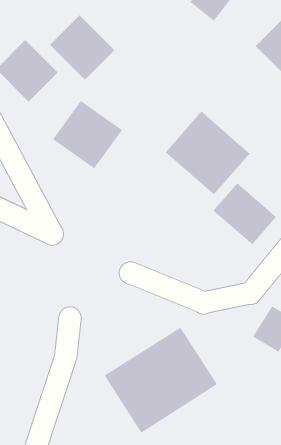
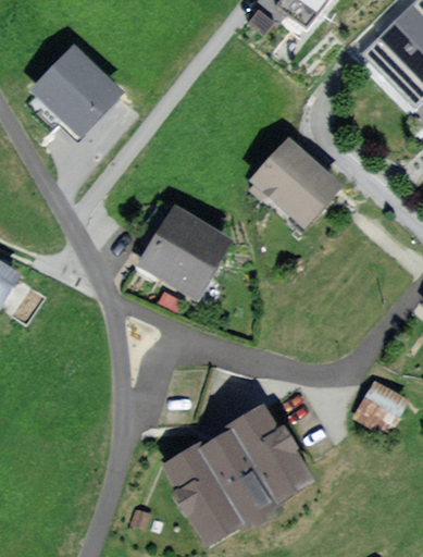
building: [49,15,115,81] -> none
building: [52,100,123,169] -> [136,213,223,298]
building: [213,182,277,245] -> none

